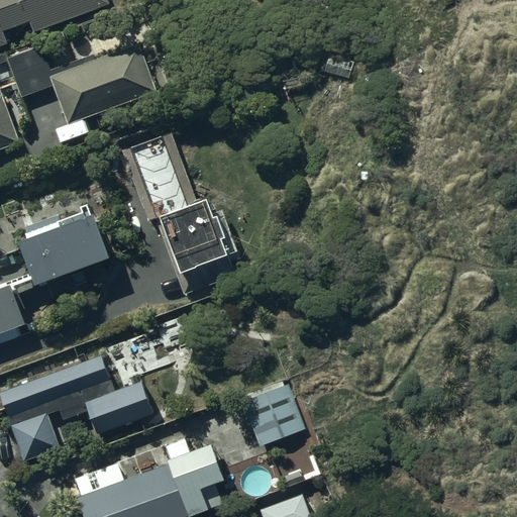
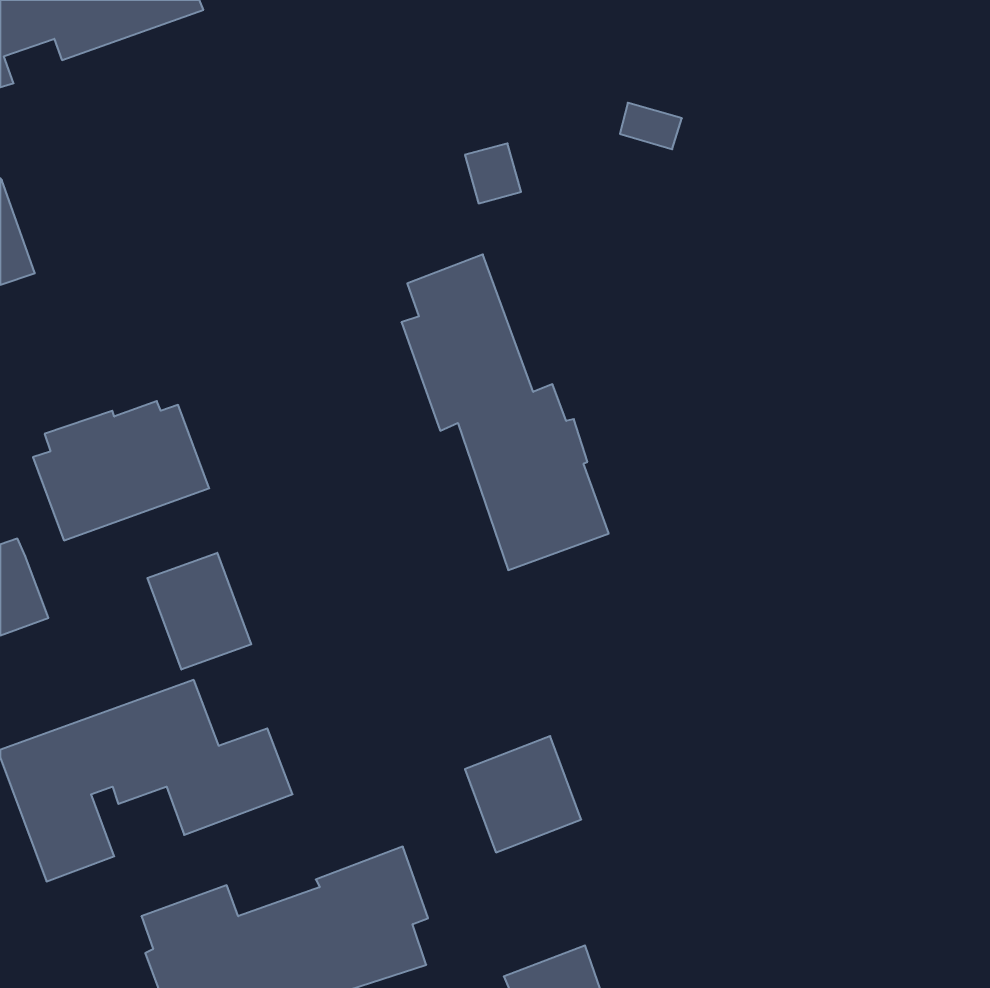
building: [6,42,157,144] -> none
building: [127,129,235,294] -> [401,254,609,570]
building: none -> [147,553,251,670]

